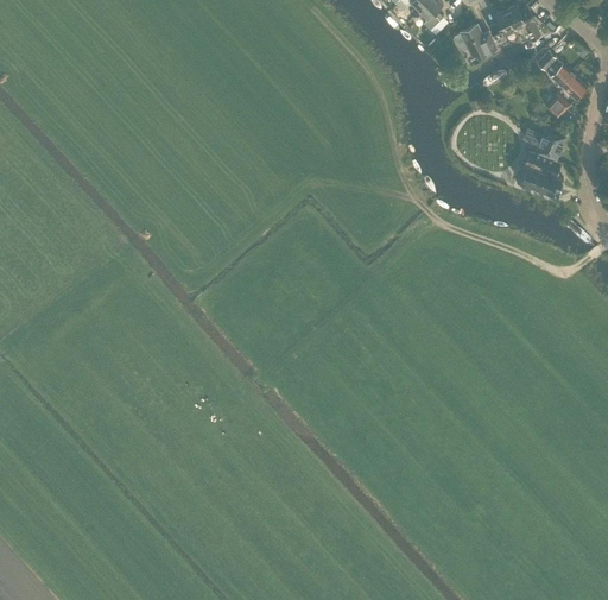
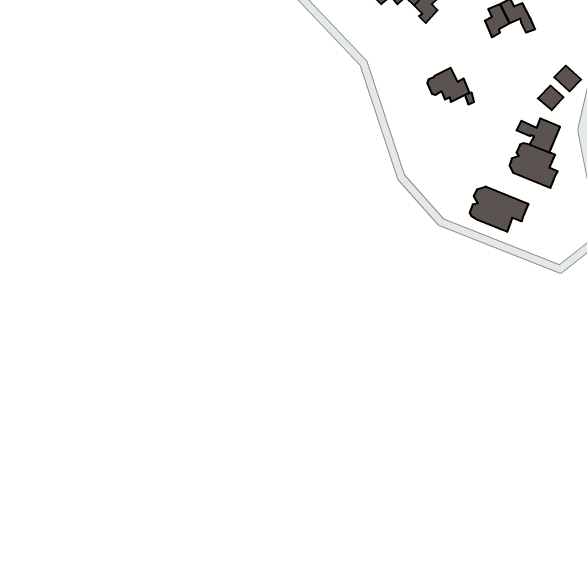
building: [452,24,495,58] -> [427,68,470,102]
building: [537,51,571,84] -> none
building: none -> [470,186,528,232]

